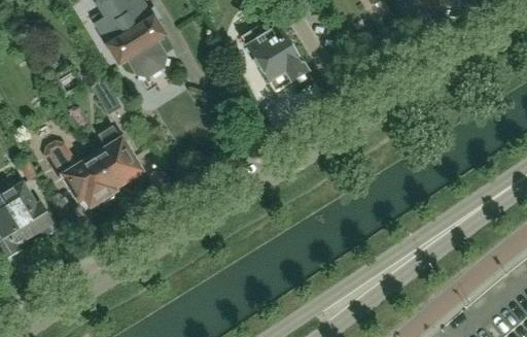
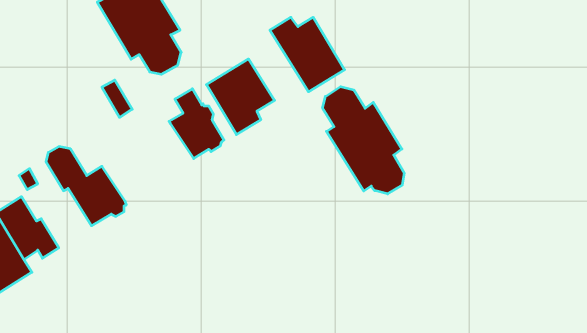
building: none -> [206,59,275,135]
building: none -> [323,87,404,194]
building: [93,126,141,188] -> [169,89,224,159]

